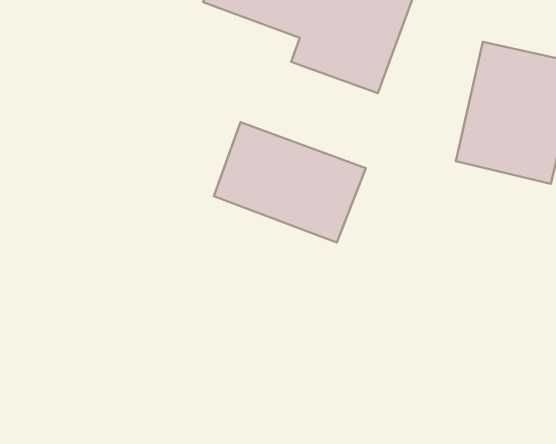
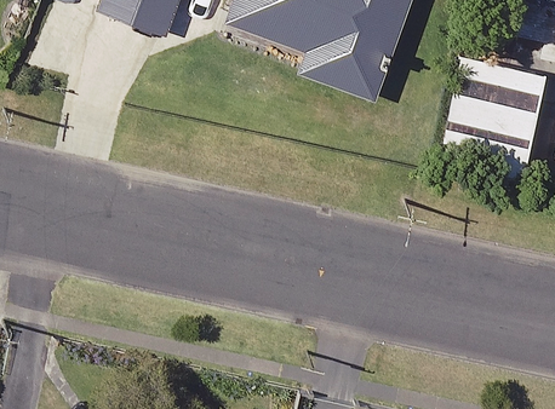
building: [214,122,366,242] -> none

